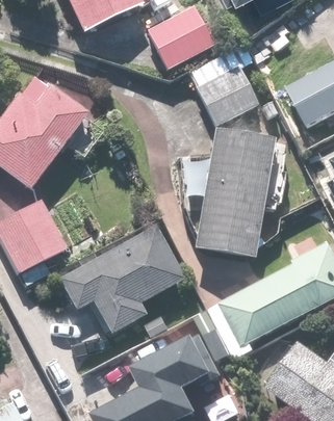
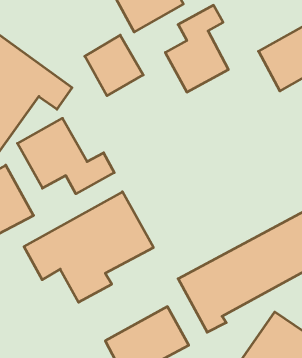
building: none -> [85,35,143,96]
building: [194,129,274,260] -> none
building: none -> [17,118,114,194]

